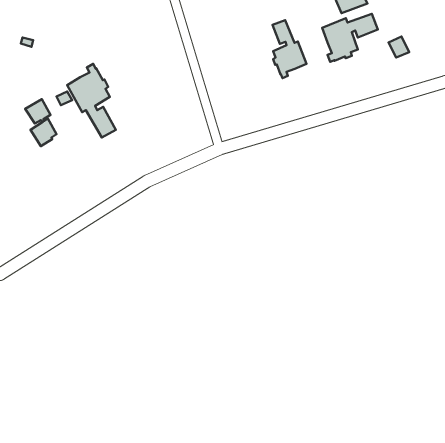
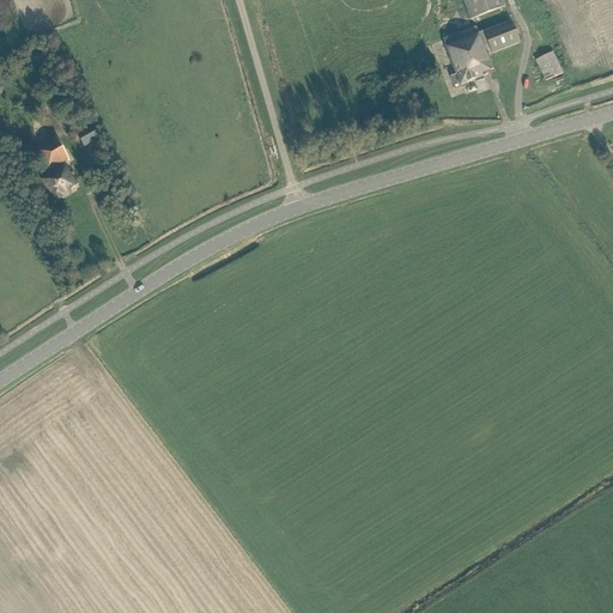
building: [273,20,306,78] -> none
building: [67,64,116,137] -> none

